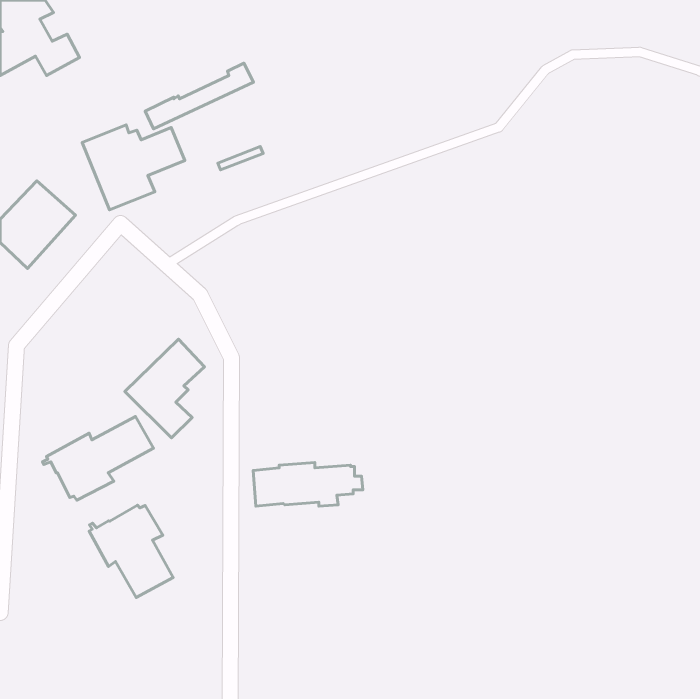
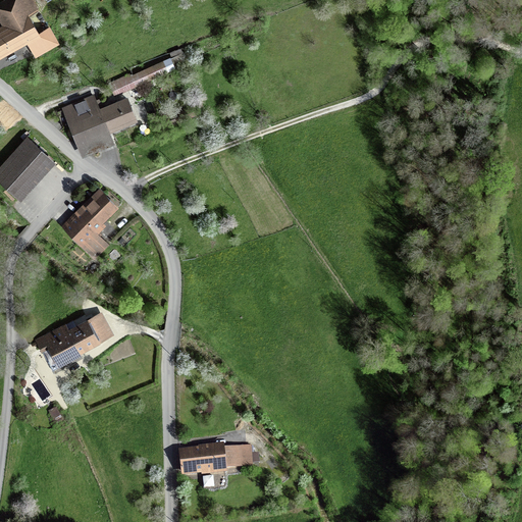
building: [125,339,204,438] -> [60,187,119,260]
building: [253,462,363,506] -> [178,443,260,476]
building: [89,505,173,598] -> none

